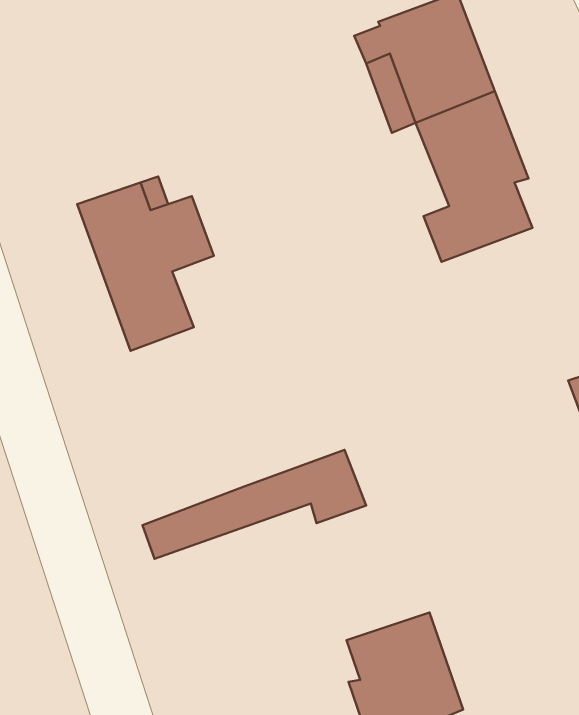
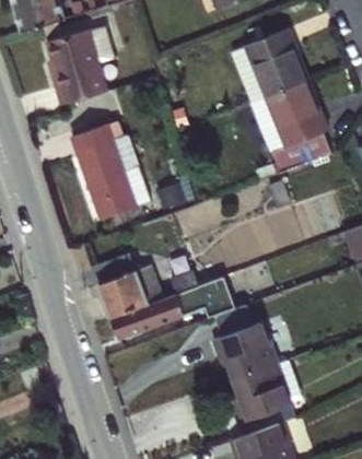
building: none -> [48,32,109,108]
building: none -> [94,254,165,317]
building: none -> [202,323,269,380]

